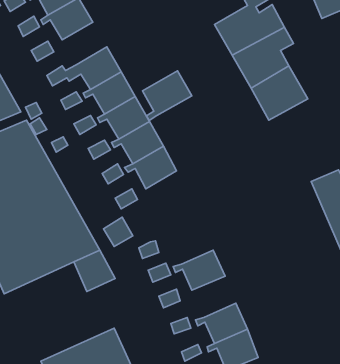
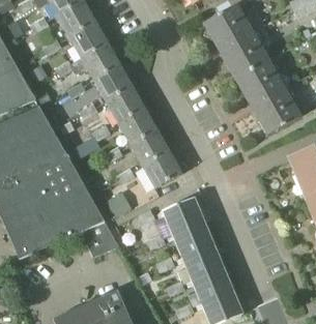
building: none -> [64,21,110,58]
building: [143,71,192,120] -> none
building: none -> [252,88,301,136]
building: none -> [138,151,183,188]
building: none -> [159,197,203,233]
building: none -> [178,243,223,279]

